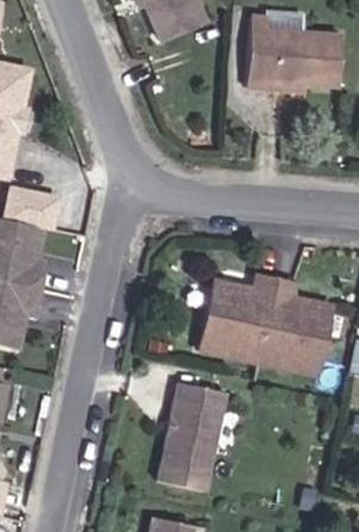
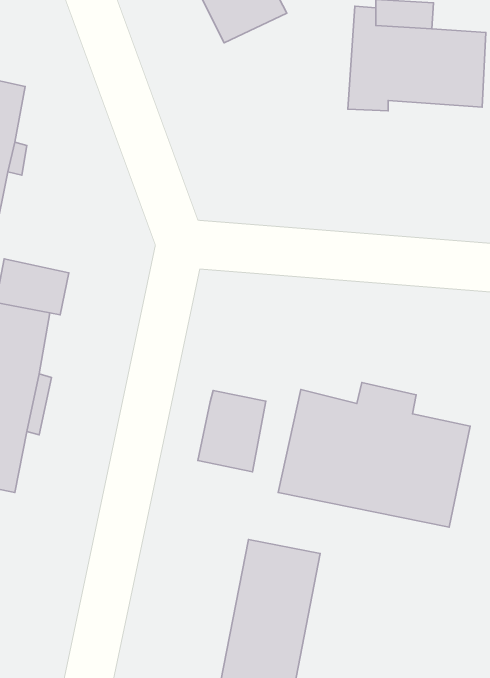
building: none -> [198,391,266,472]

